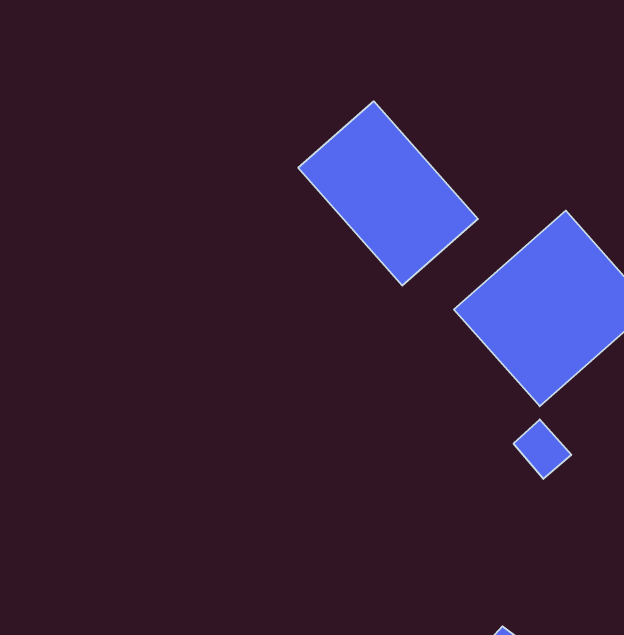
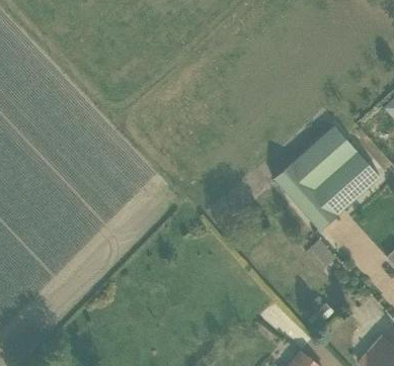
building: [298,101,478,286] -> none

